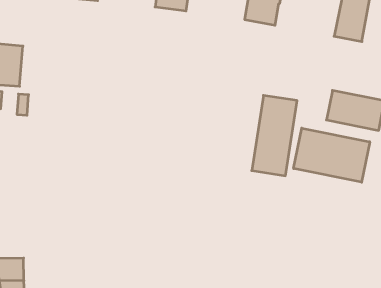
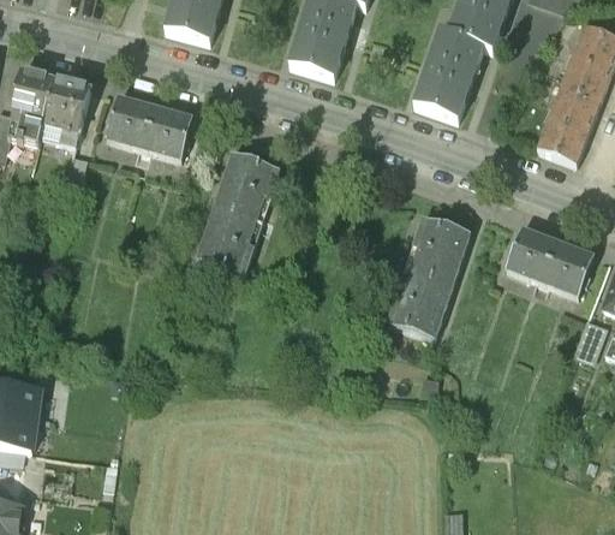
building: none -> [107,94,193,156]
building: none -> [198,151,279,273]
building: [294,128,370,182] -> none

